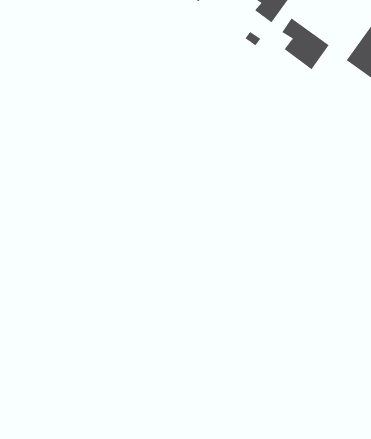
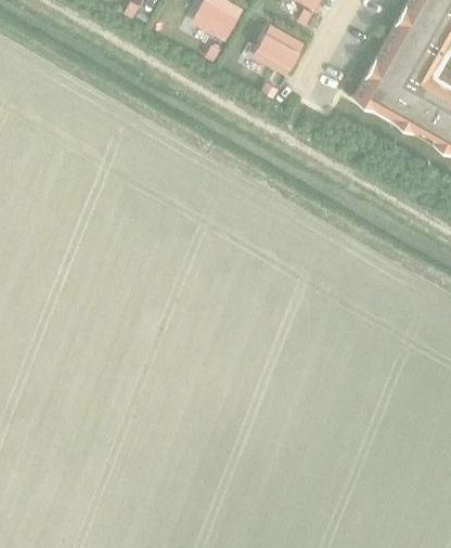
building: [281,18,330,70] -> none

